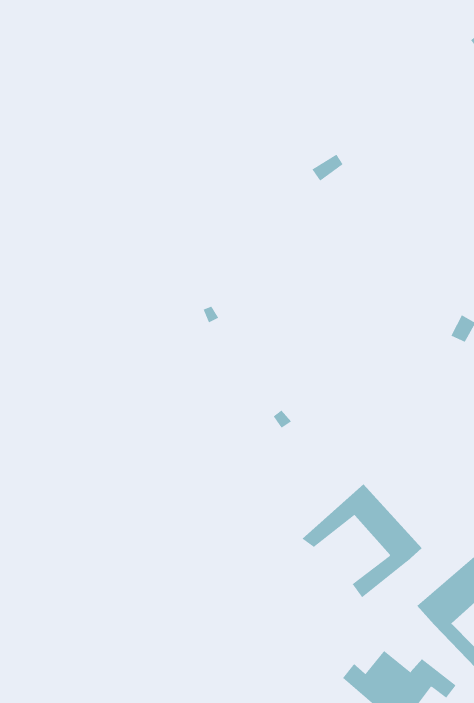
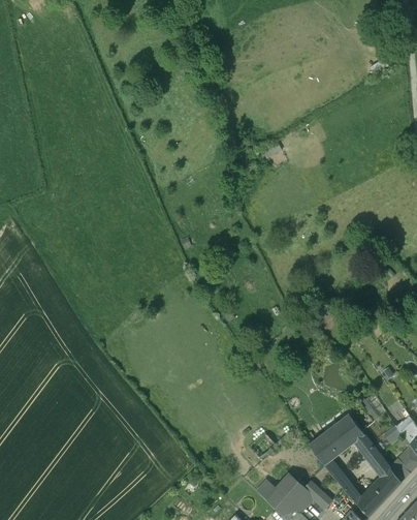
building: [302,484,423,598] -> none

